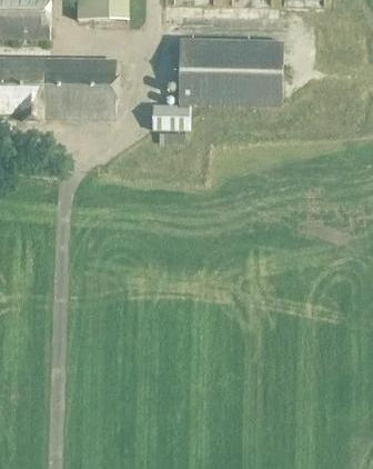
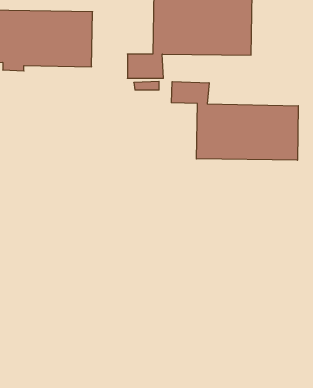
building: none -> [171,82,298,160]

